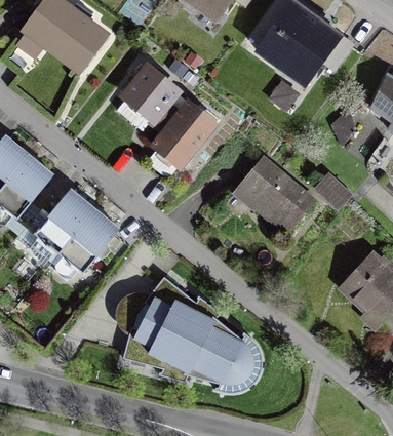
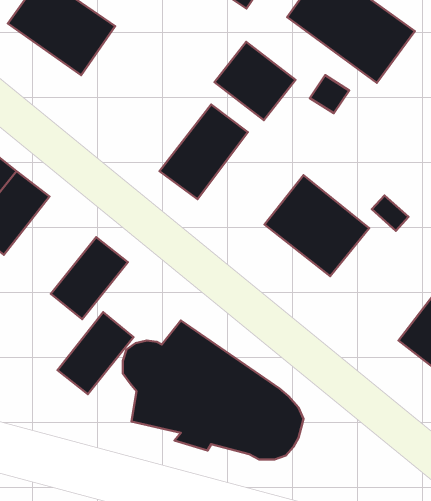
building: [117,66,183,129] -> [215,42,295,120]
building: [32,186,93,252] -> [58,312,133,394]

